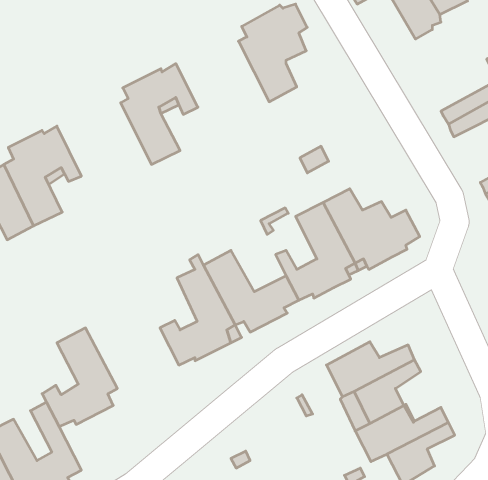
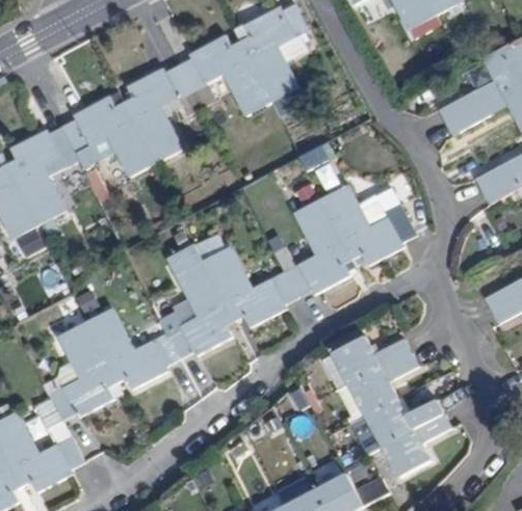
building: none -> [176,35,267,115]
building: none -> [59,91,152,183]
building: none -> [87,308,179,388]

